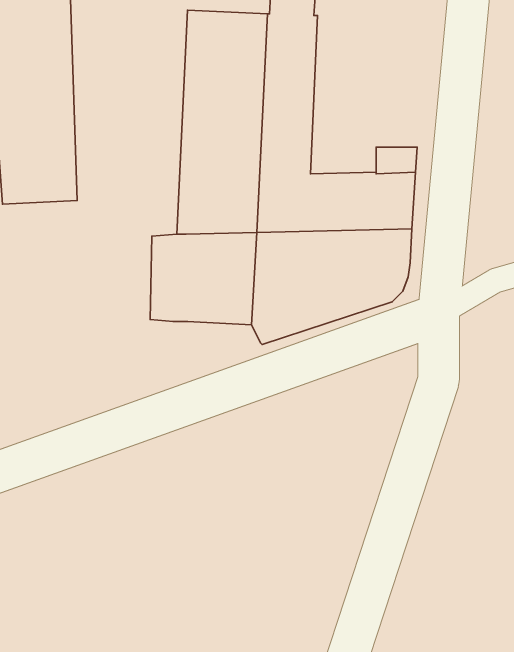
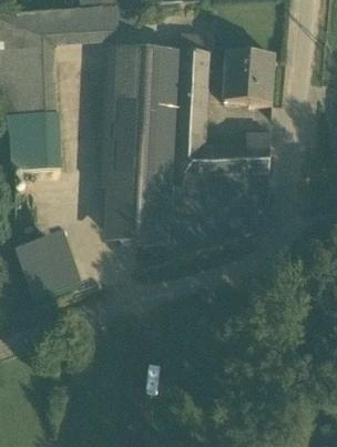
building: none -> [98,44,126,186]
building: none -> [217,50,273,102]
building: none -> [14,228,81,298]

